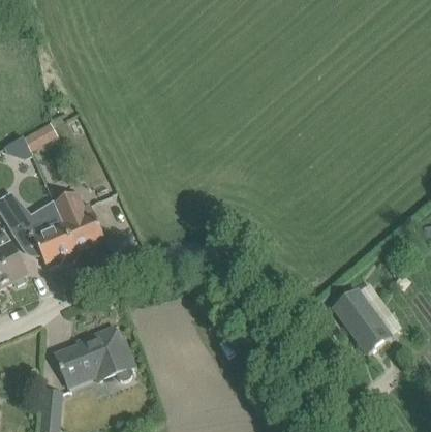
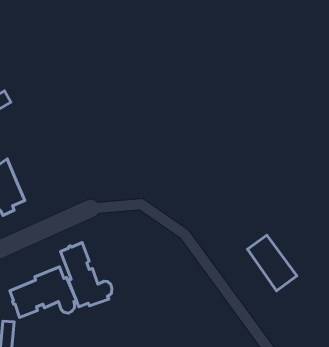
building: [54,191,104,249] -> none
building: none -> [61,242,112,307]

